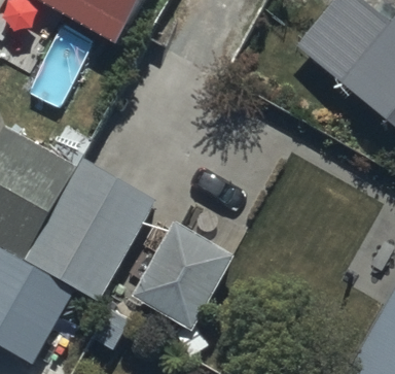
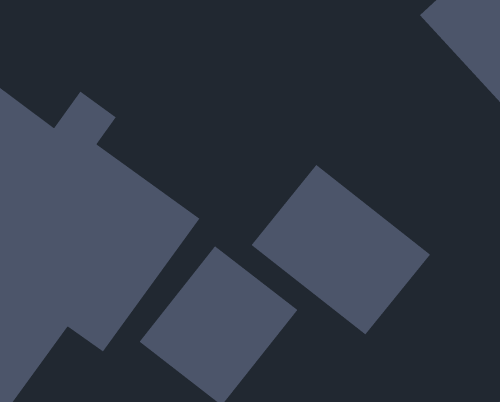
building: none -> [251,164,431,336]

